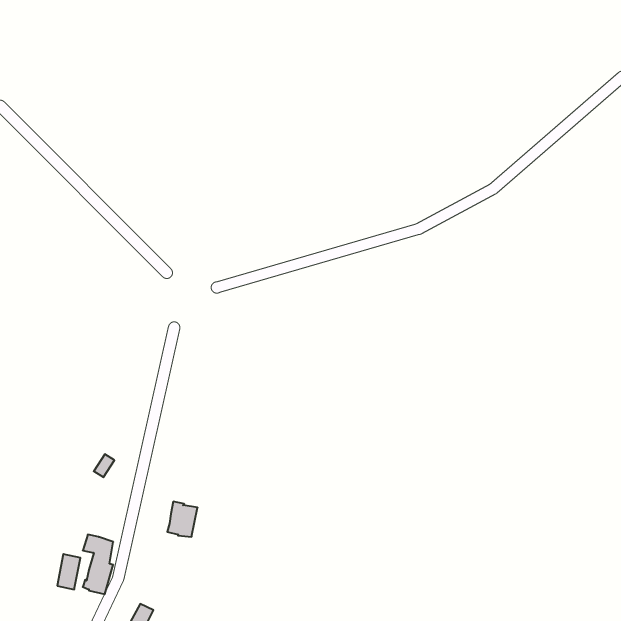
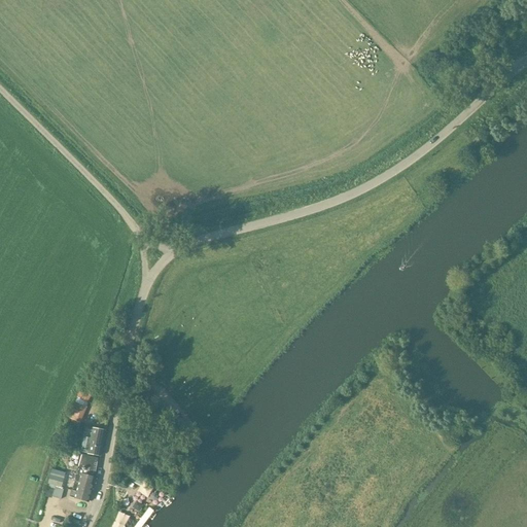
building: [167,502,198,537] -> [81,427,107,457]

